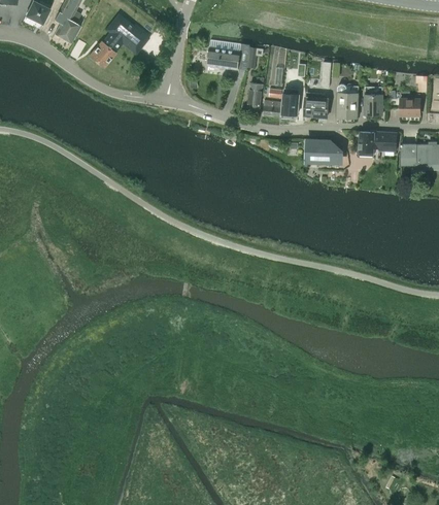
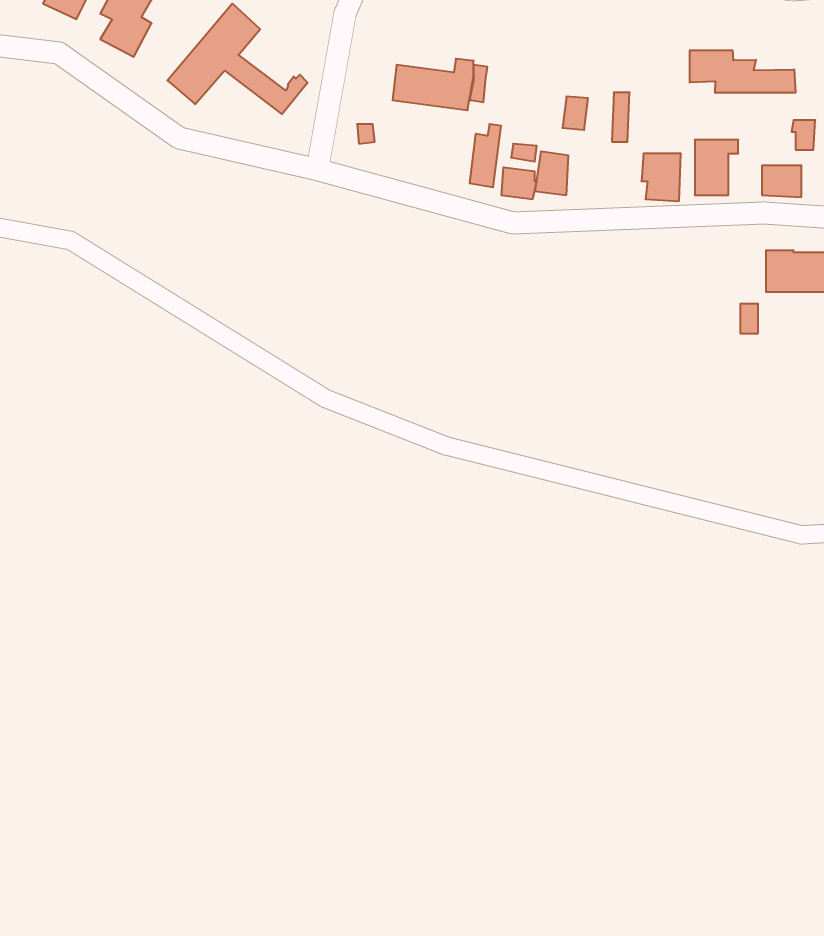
building: none -> [690,50,795,93]
building: [305,98,329,117] -> none
building: [360,132,401,158] -> none
building: [307,140,341,163] -> none

